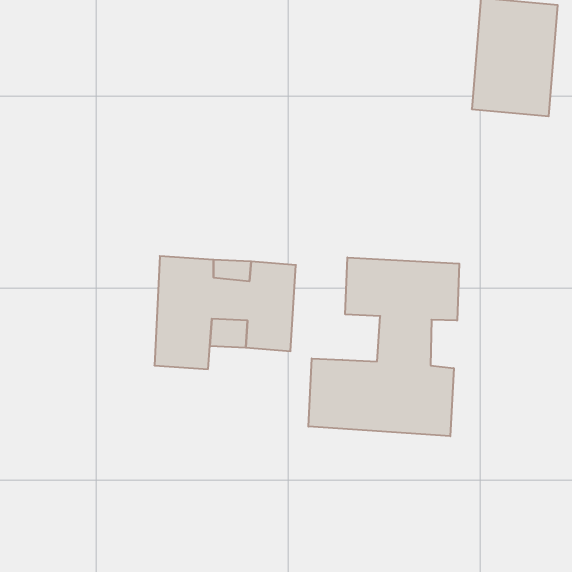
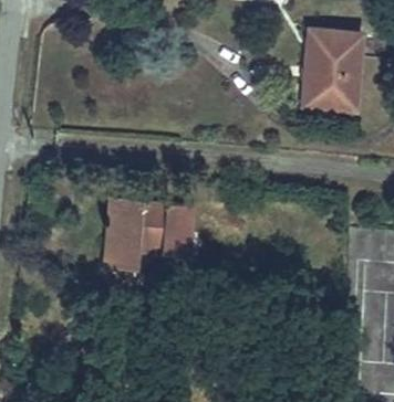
building: [308,257,459,436] -> none

